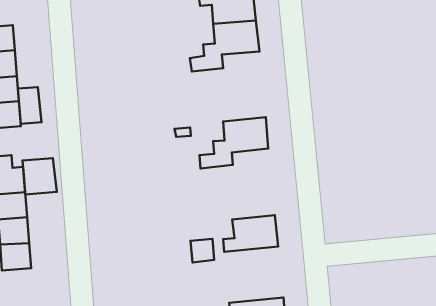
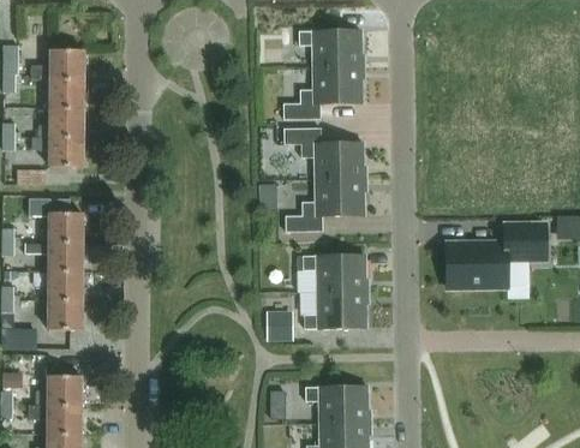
building: none -> [283,129,364,180]
building: [18,87,41,124] -> none
building: none -> [448,225,546,292]
building: [23,158,57,194] -> none
building: none -> [303,255,365,293]

